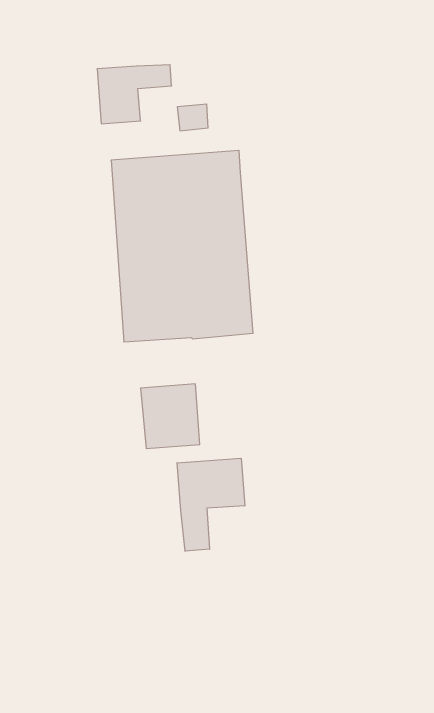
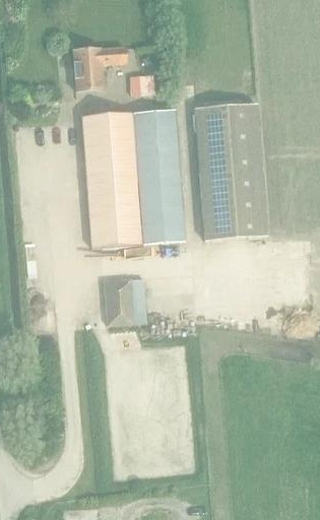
building: none -> [195,103,267,240]
building: [177,458,245,551] -> none

